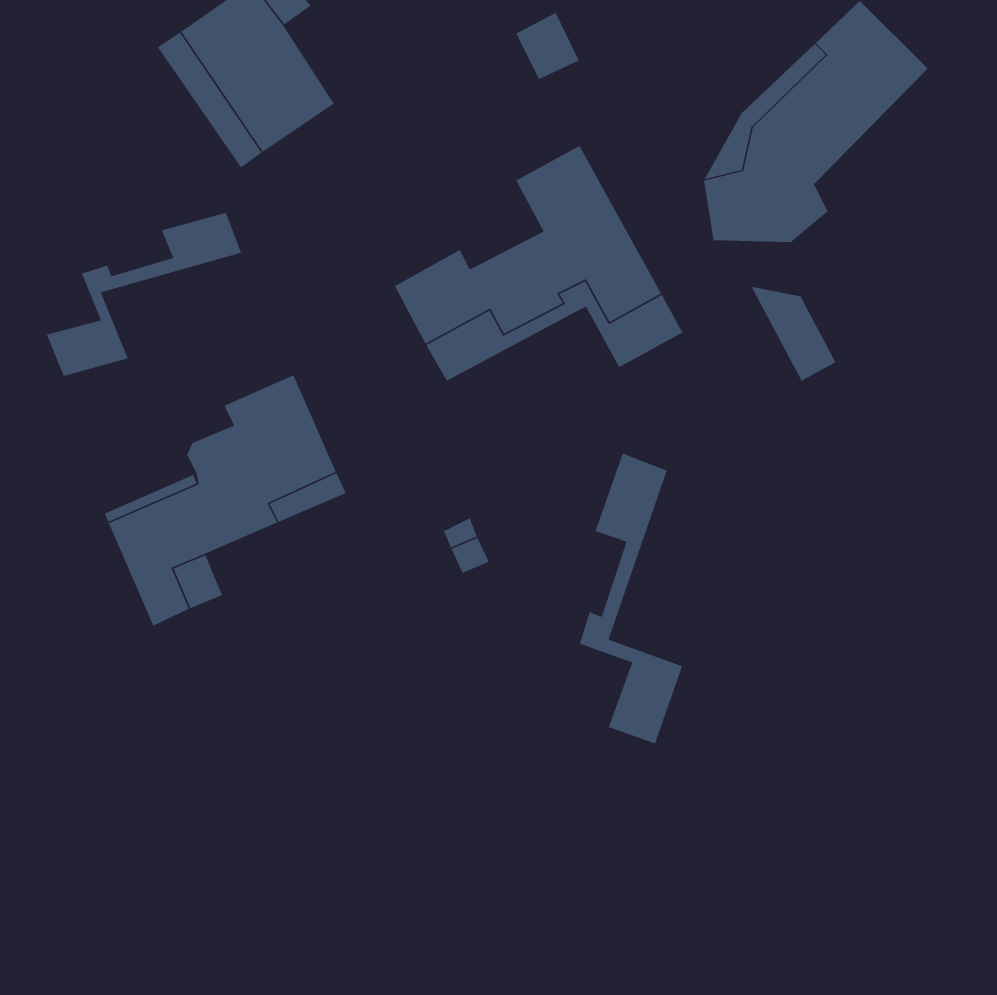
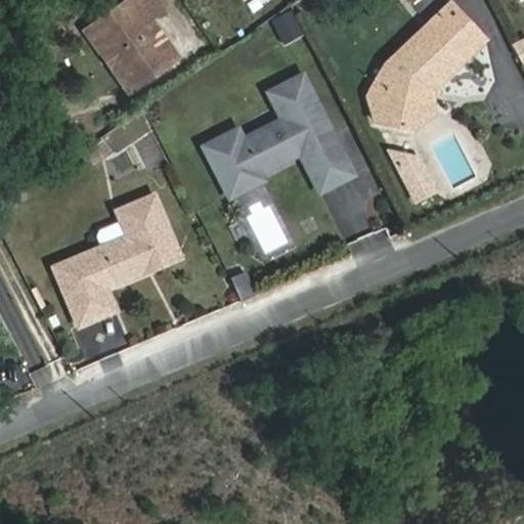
building: [46,212,242,377] -> none
building: [579,453,683,745] -> none

